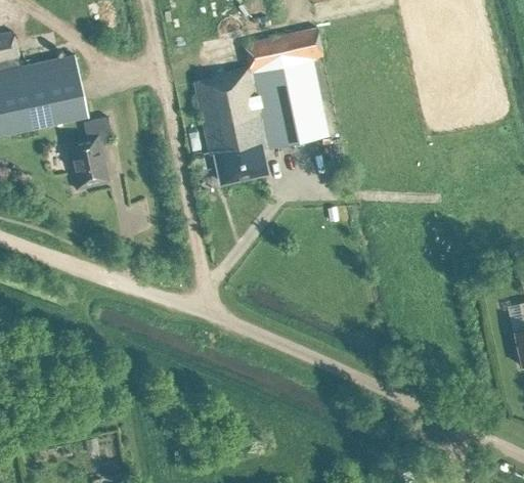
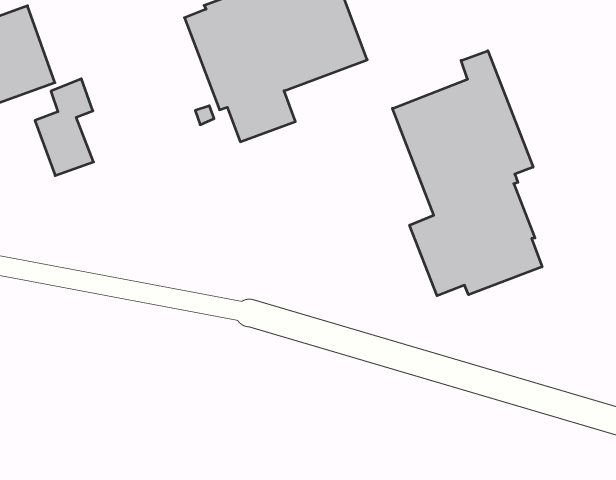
building: none -> [392,51,542,296]

